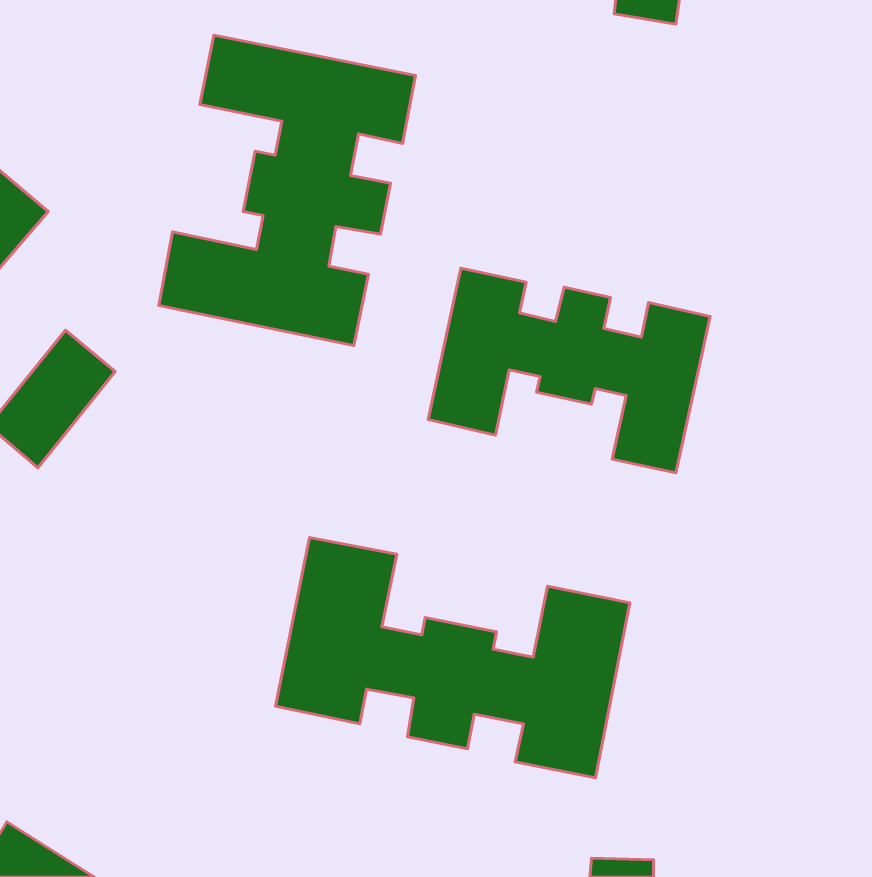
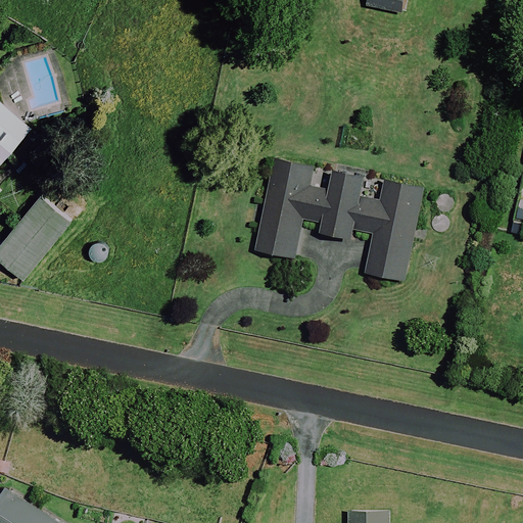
building: [159,35,416,345] -> none
building: [275,537,630,778] -> none

